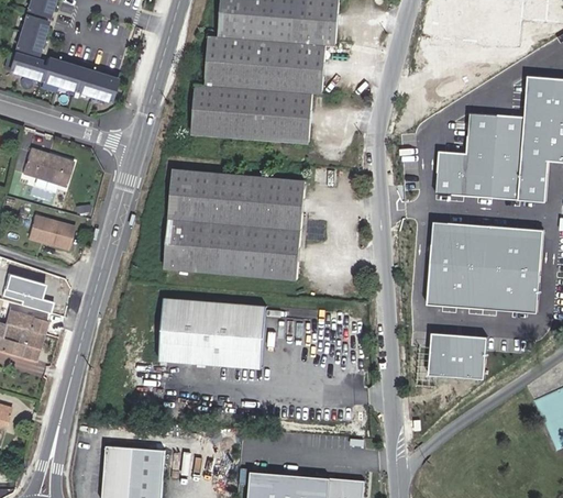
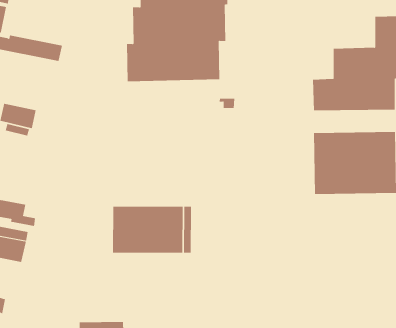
building: [164,168,305,278] -> none
building: [26,217,75,253] -> none
building: [430,333,487,378] -> none

